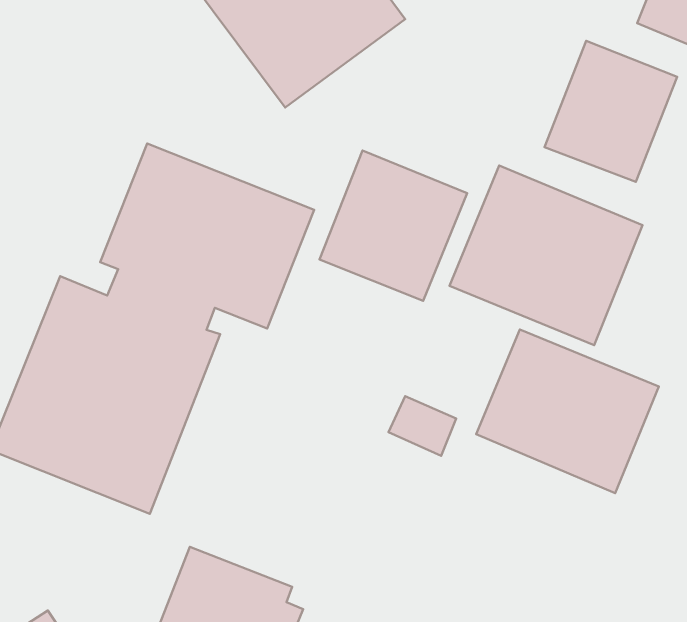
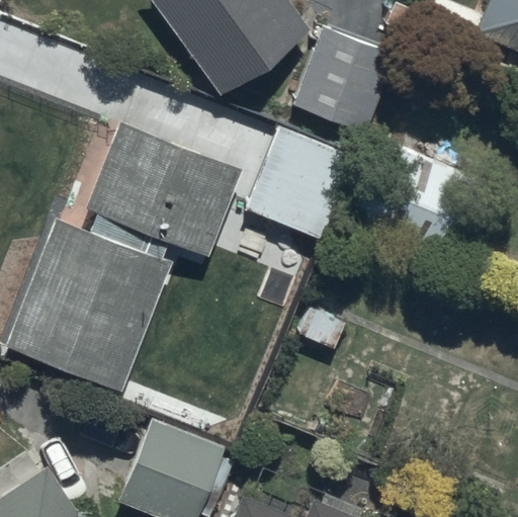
building: [545,41,677,182] -> [296,28,394,132]
building: [476,330,659,493] -> none

